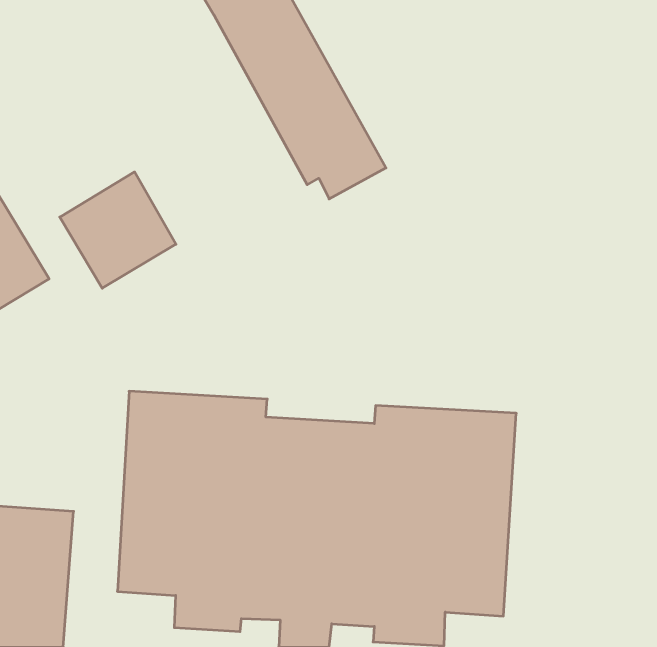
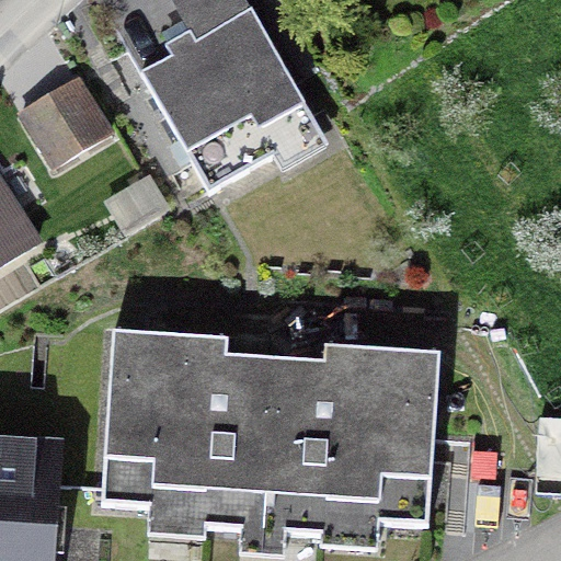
building: none -> [138,13,261,187]
building: [60,172,176,288] -> [14,68,113,167]

